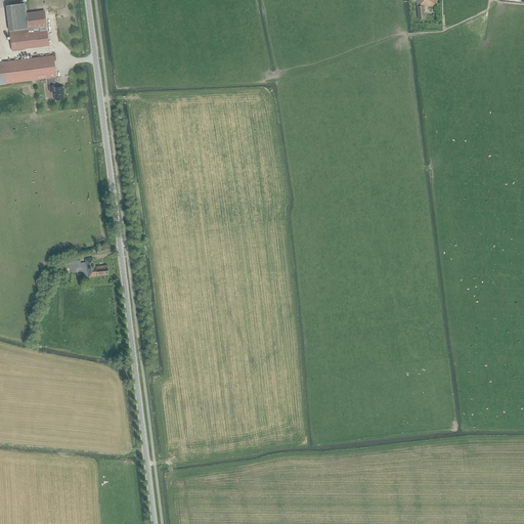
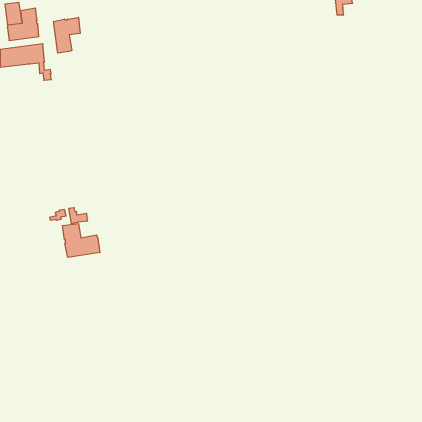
building: none -> [54,17,80,53]
building: none -> [62,224,100,257]

